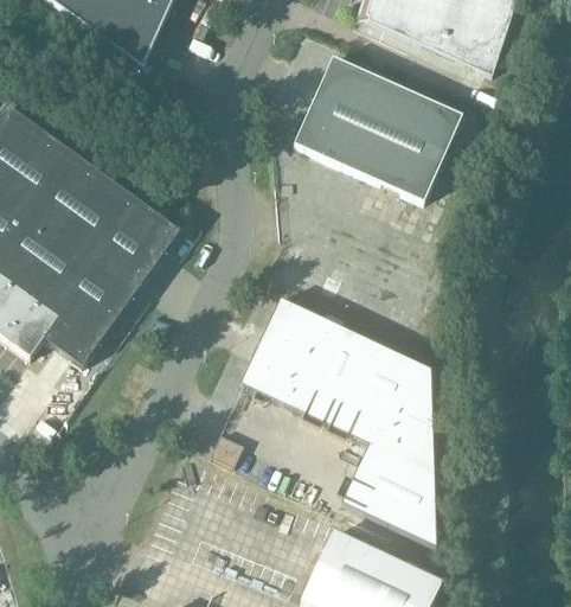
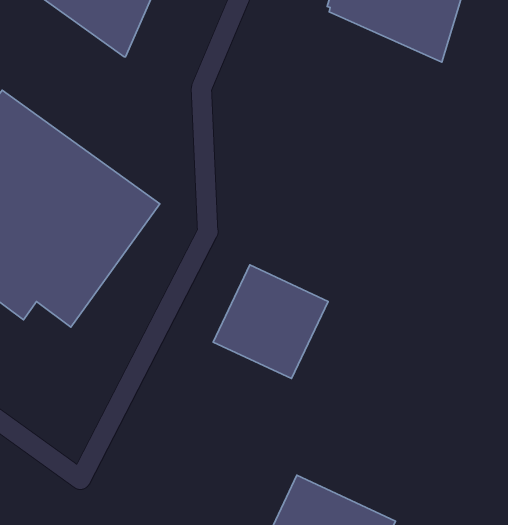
building: [294,56,462,200] -> none
building: [326,337,436,545] -> none

